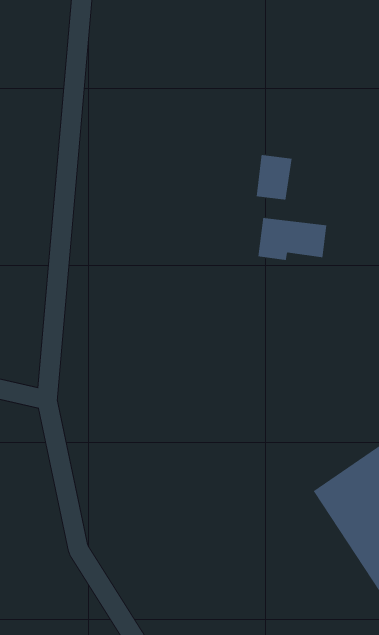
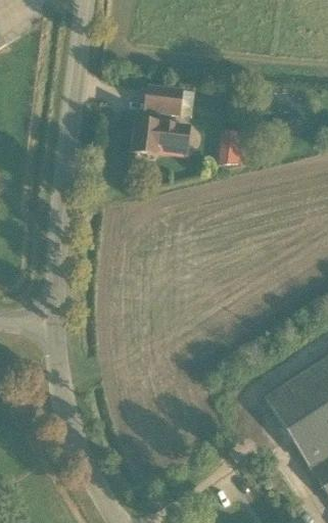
building: none -> [145,85,184,112]
building: [258,217,327,260] -> [135,120,191,154]

